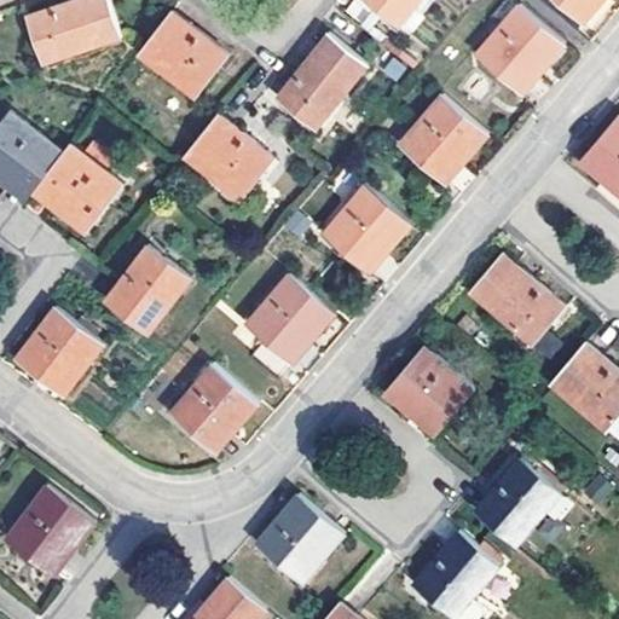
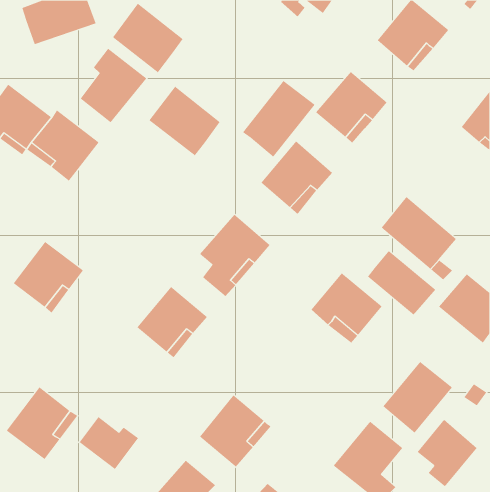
building: [278,35,369,131] -> [242,80,315,157]
building: none -> [80,48,147,123]
building: [105,245,191,335] -> none
building: none -> [367,250,436,316]
building: none -> [79,416,139,470]
building: none -> [417,419,477,487]

